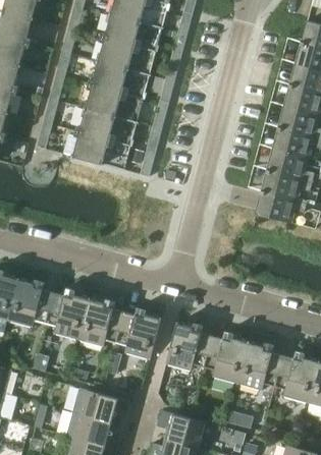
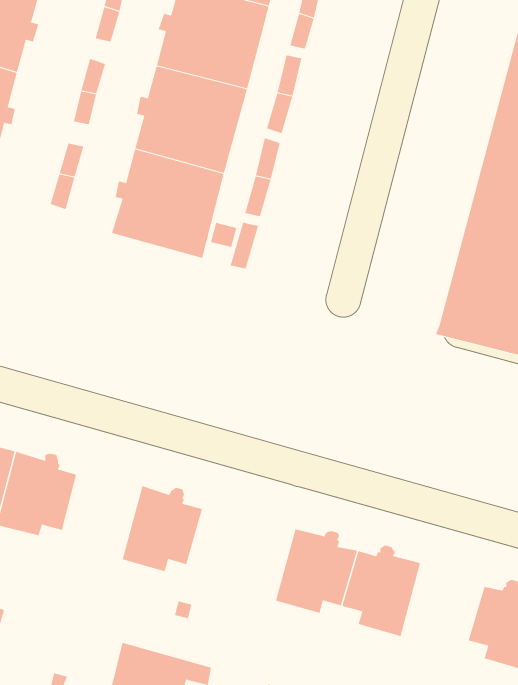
building: [45,287,90,339] -> none
building: [115,306,161,358] -> none
building: [236,341,283,389] -> none

